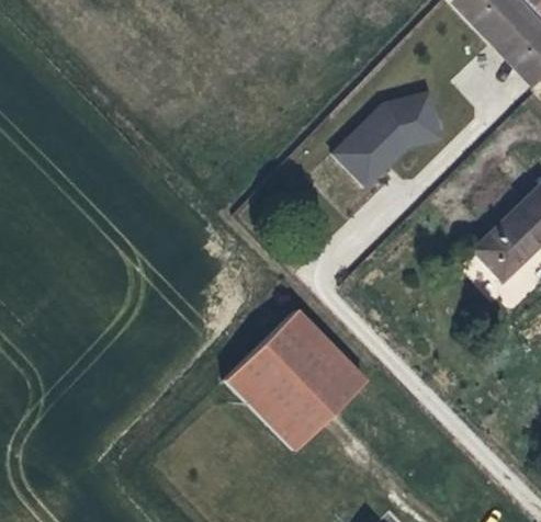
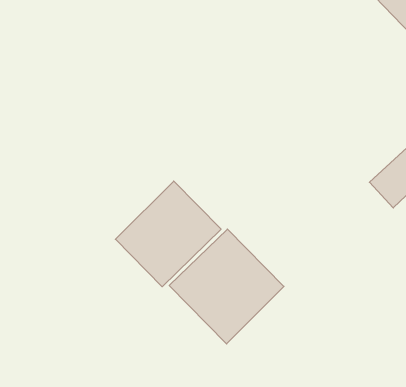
building: [333,93,442,188] -> none
building: none -> [115,181,221,287]

